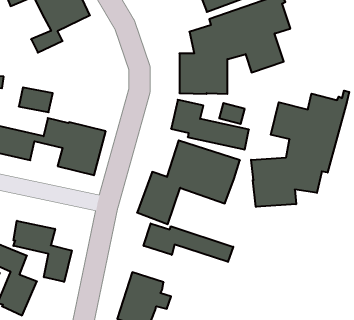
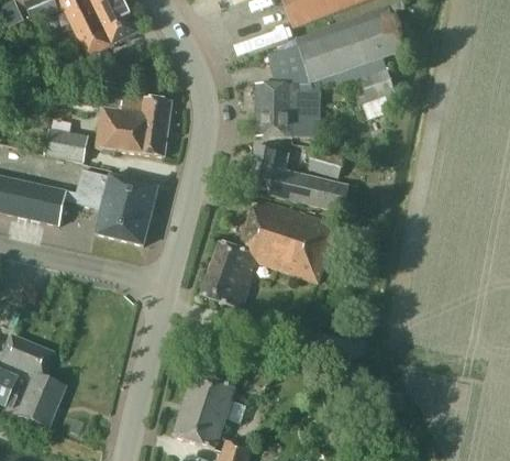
building: none -> [91,90,171,155]
building: [251,91,349,207] -> none
building: [13,221,72,282] -> none
building: [144,223,233,262] -> none

